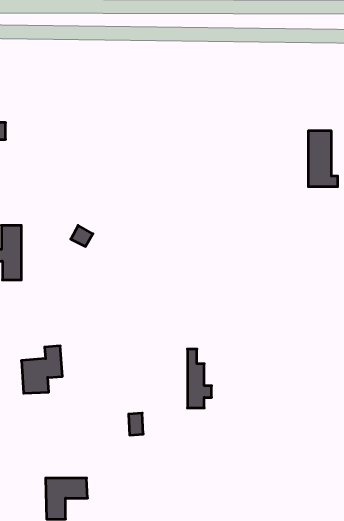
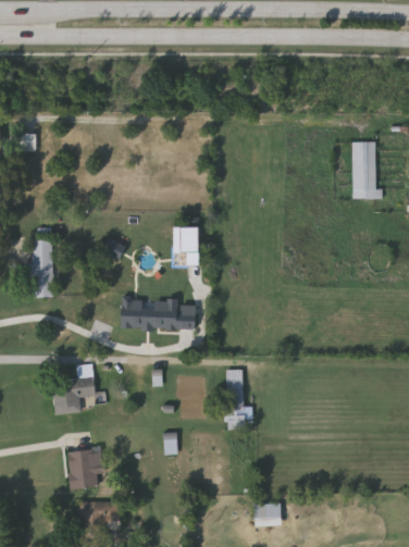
building: none -> [174,228,199,266]
building: none -> [122,299,196,331]
building: none -> [66,449,102,489]
building: none -> [252,504,280,519]

